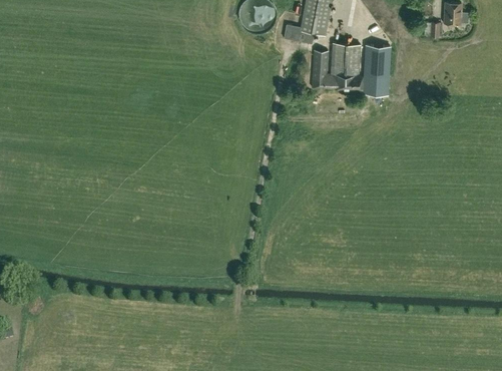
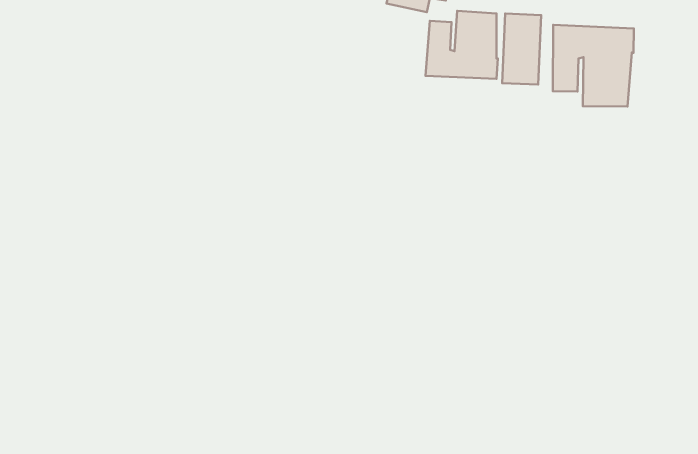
building: none -> [553,25,634,106]

